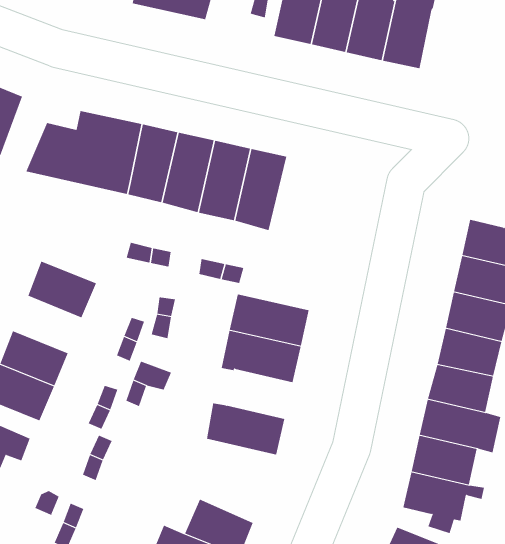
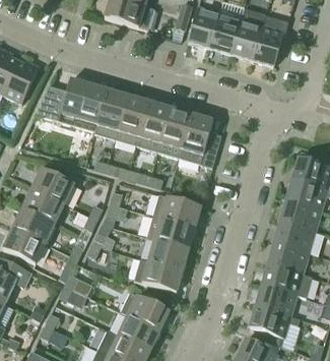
building: none -> [179,114,221,167]
building: none -> [22,188,64,224]
building: none -> [147,239,188,270]
building: none -> [119,291,170,332]

